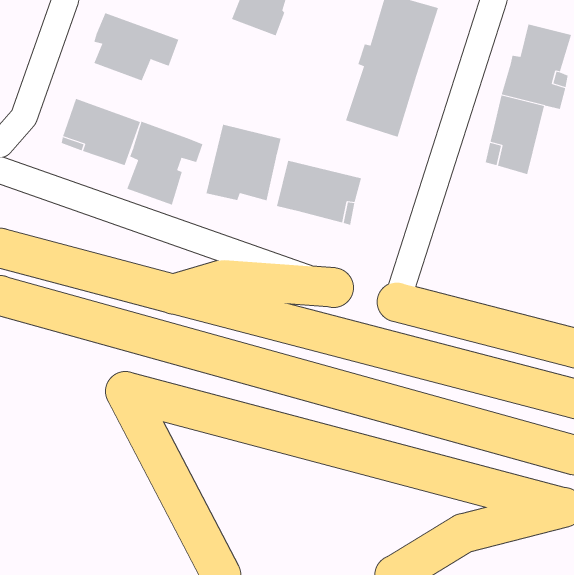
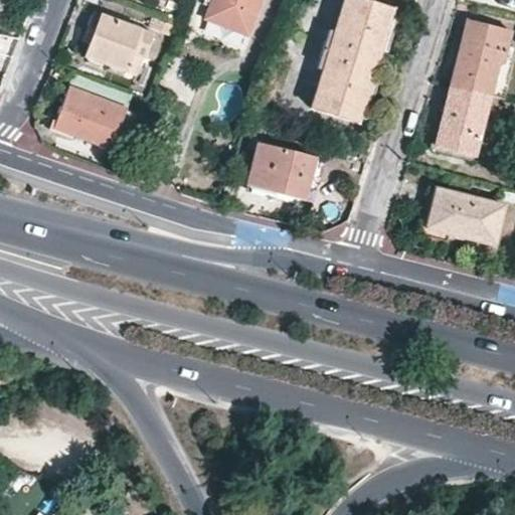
building: [126,121,203,206] -> none
building: [206,124,281,201] -> none
building: none -> [428,188,503,244]

